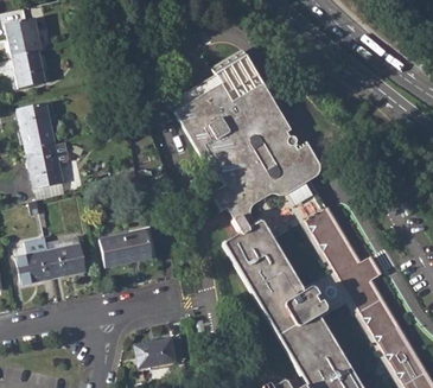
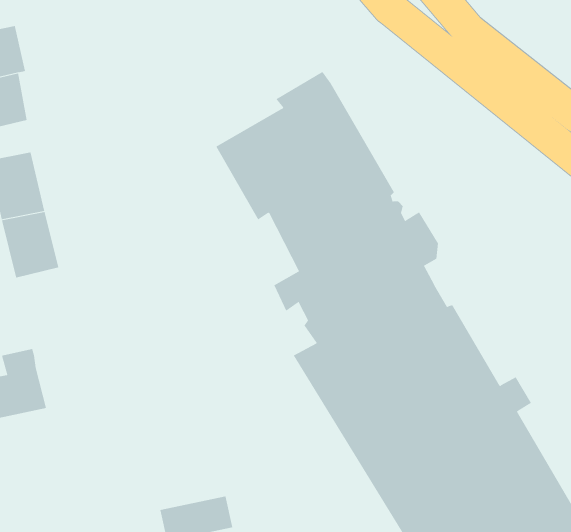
building: [96,227,158,271] -> none
building: [47,236,88,278] -> none

